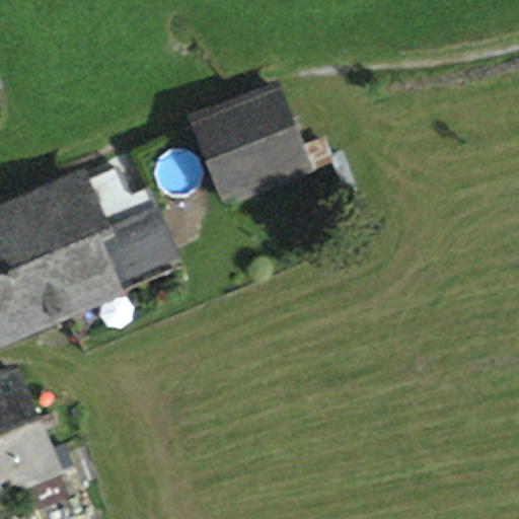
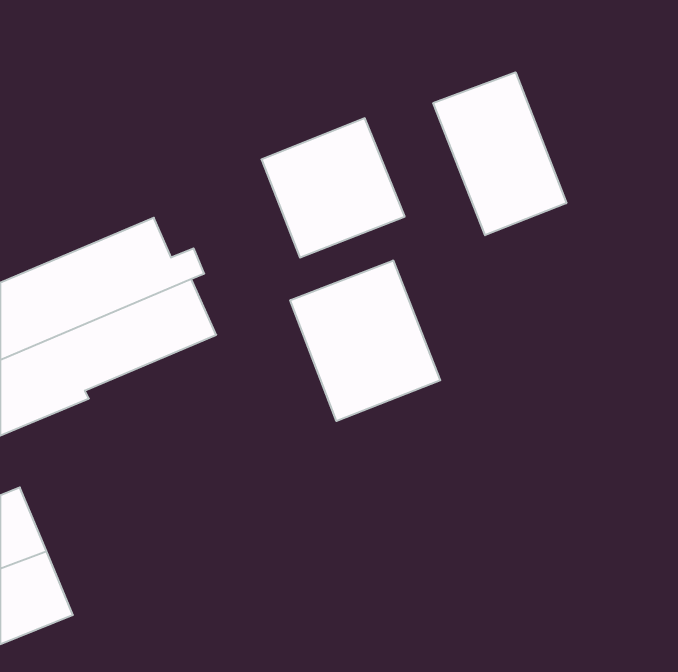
building: none -> [433,72,566,235]
building: none -> [290,260,440,421]

